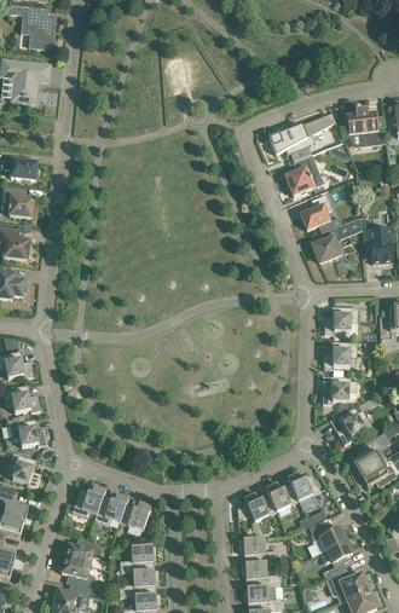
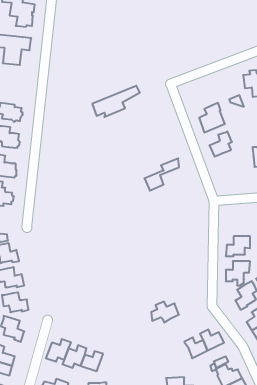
building: [270,112,336,156] -> [92,86,140,117]
building: [313,218,362,262] -> [144,158,179,191]
building: [324,306,358,334] -> none
building: [237,493,276,522] -> [151,302,179,322]

